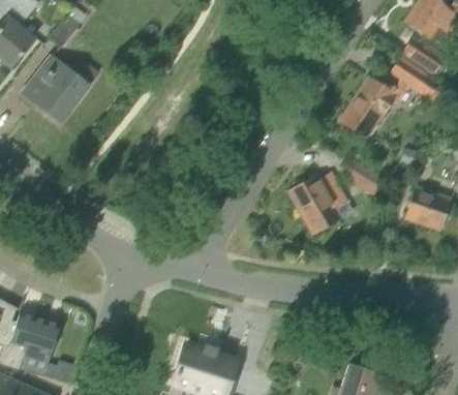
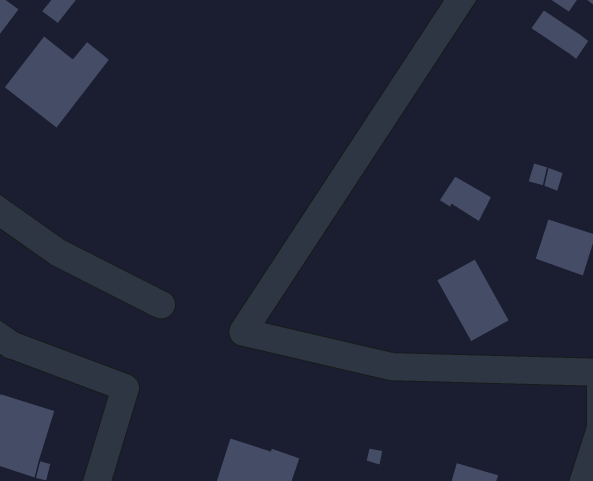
building: [392,57,441,98] -> none
building: [341,77,395,138] -> none
building: [288,175,341,235] -> [437,259,510,342]

